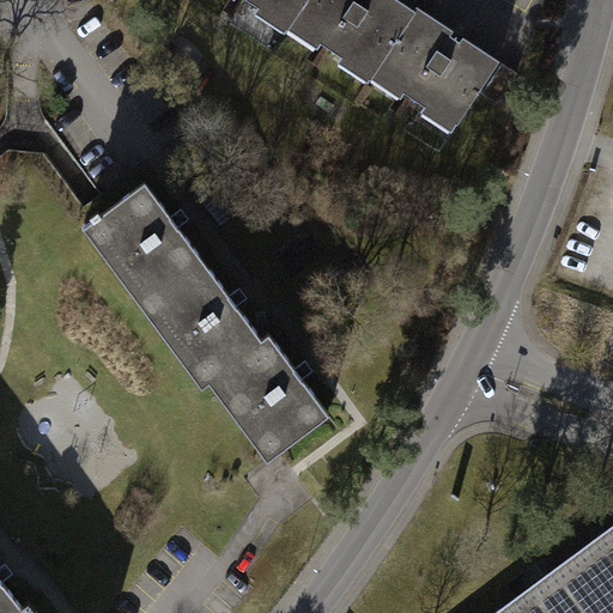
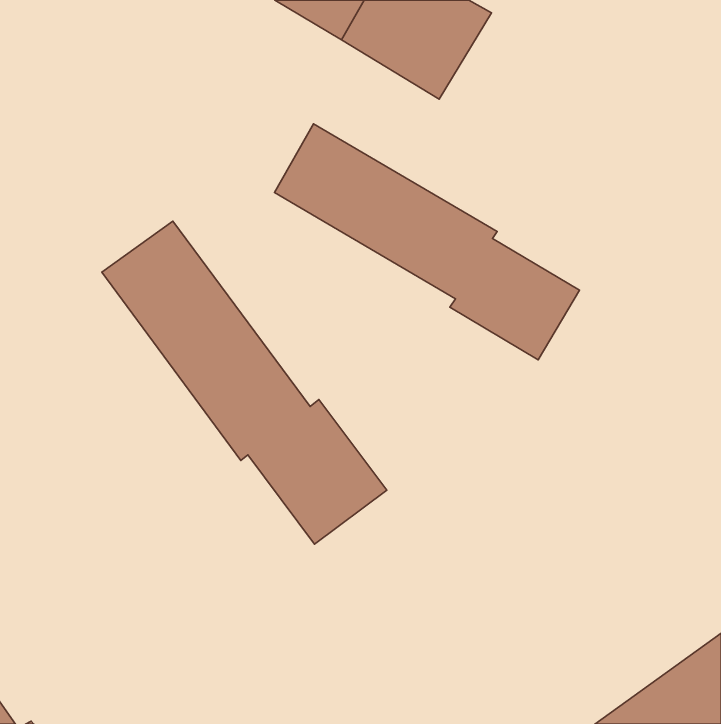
building: [371,11,496,132] -> none
building: none -> [275,124,580,360]

